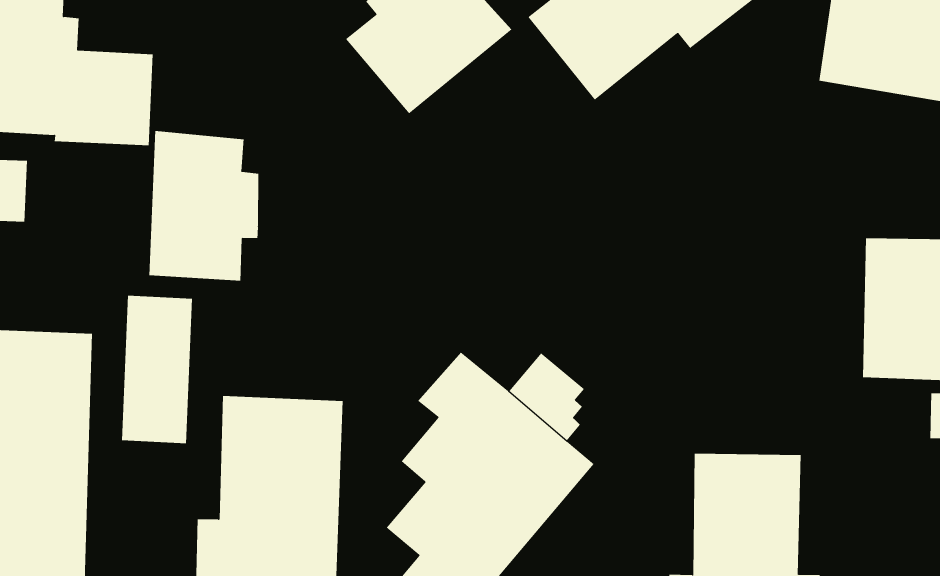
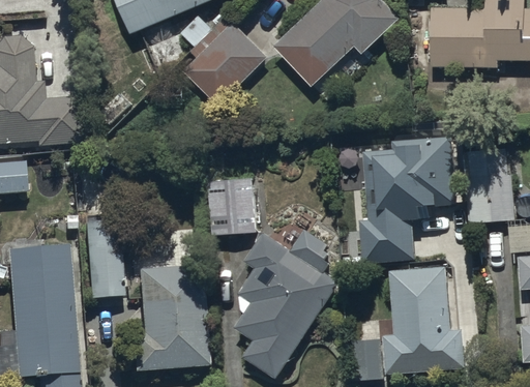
building: [149,130,259,281] -> none
building: none -> [359,132,455,260]
building: none -> [206,177,256,235]

